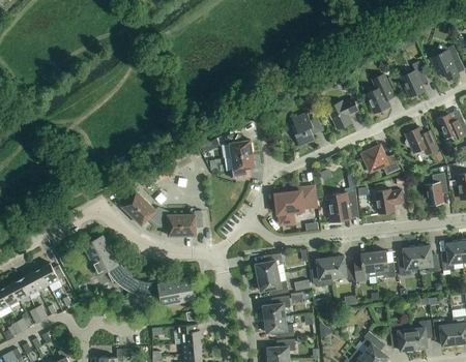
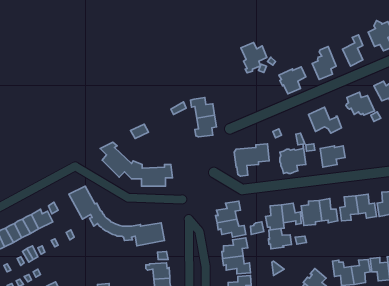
building: [292,113,322,148] -> [241,42,267,73]
building: [426,173,447,205] -> none
building: none -> [268,229,291,249]

